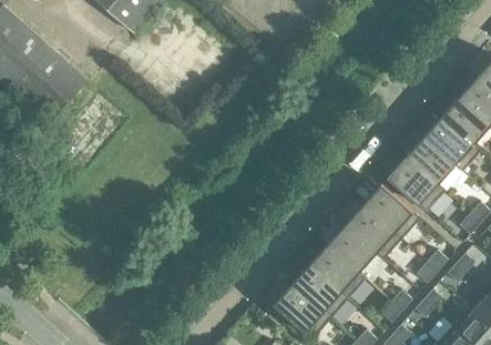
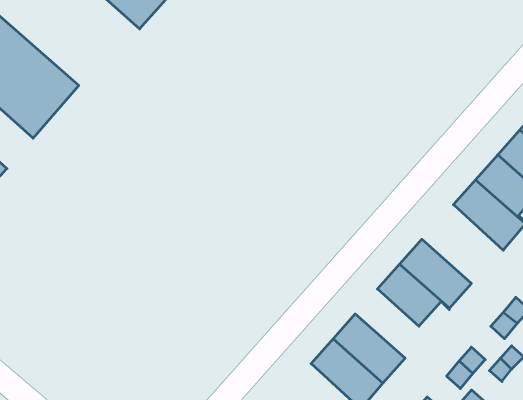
building: [361,182,420,239] -> none
building: [308,243,359,298] -> none

